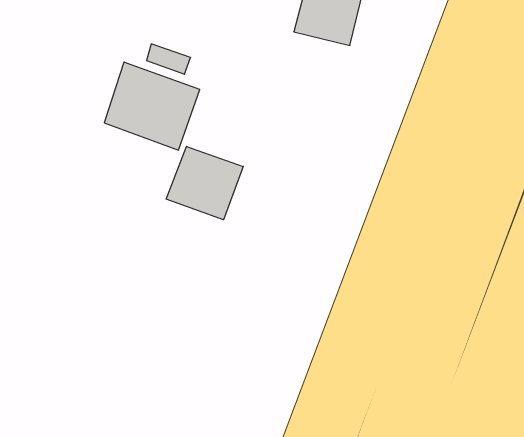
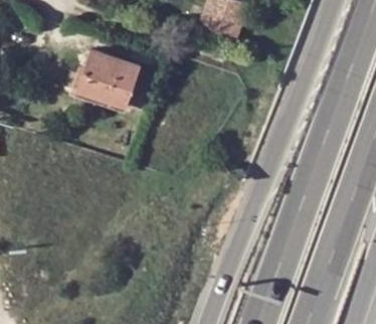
building: [166,146,243,220] -> none

